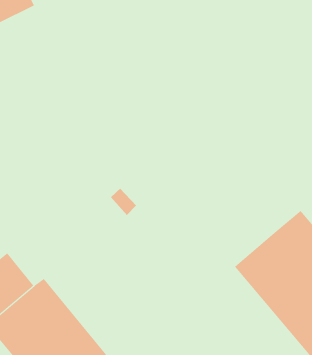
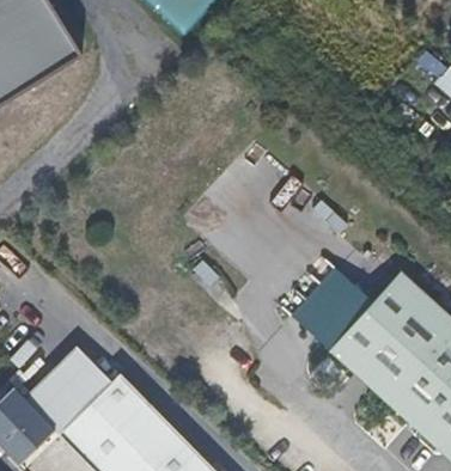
building: none -> [297,262,378,343]

